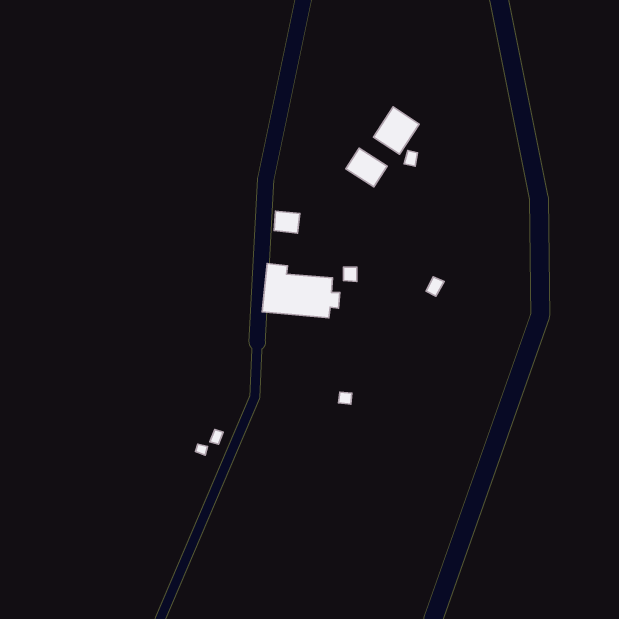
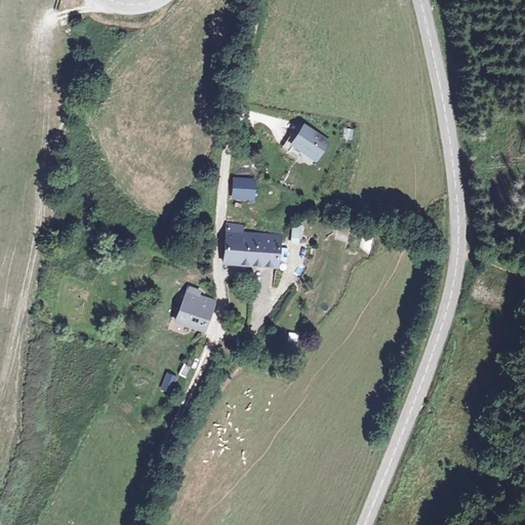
building: [373,107,419,154] -> none
building: none -> [176,284,212,331]

